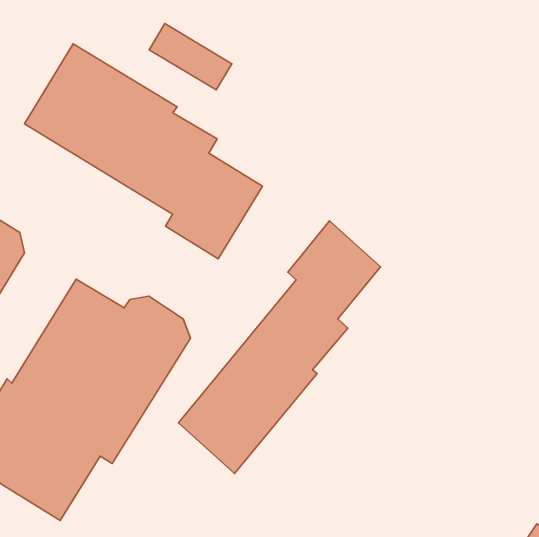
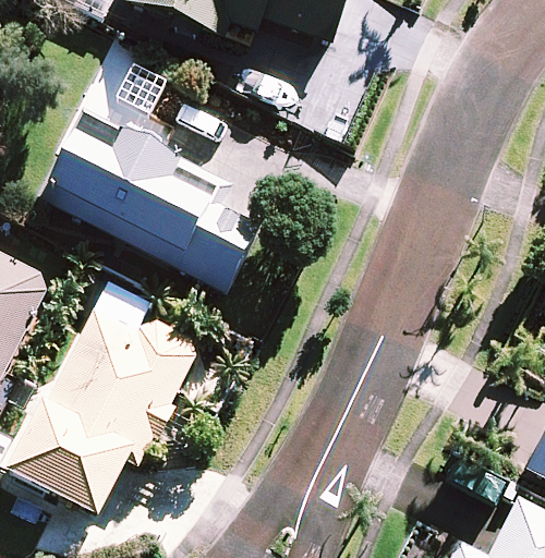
building: [178,221,381,474] -> none

